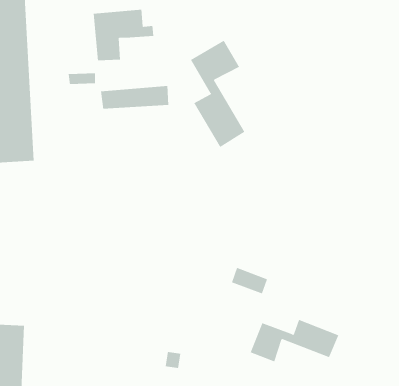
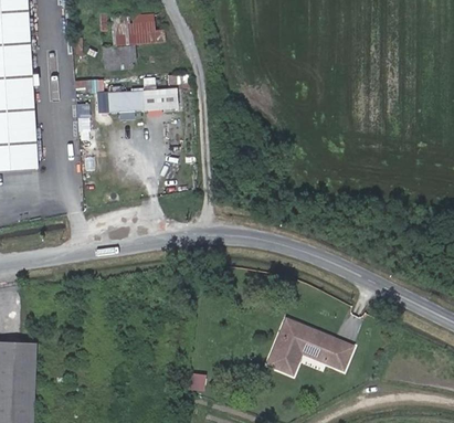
building: [190,40,245,148] -> none
building: [231,267,268,294] -> [273,318,310,346]

